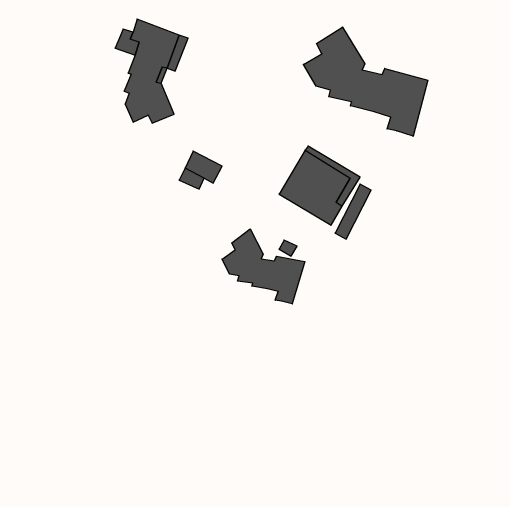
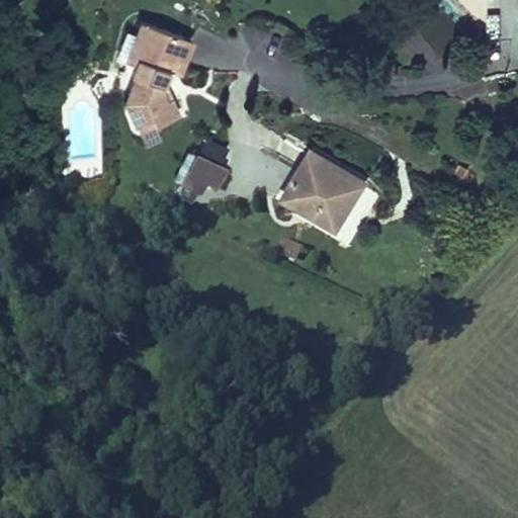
building: [303,27,428,136] -> none
building: [222,229,305,304] -> none

